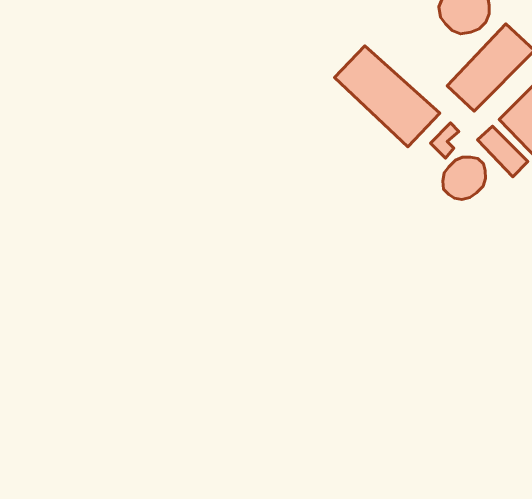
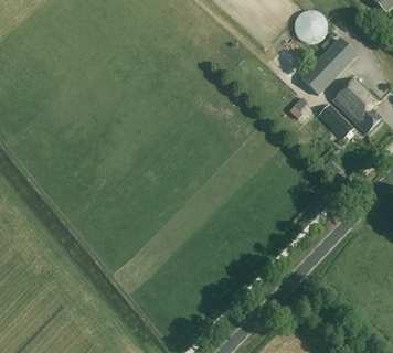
building: [335,46,440,147] -> none
building: [443,157,486,199] -> none

